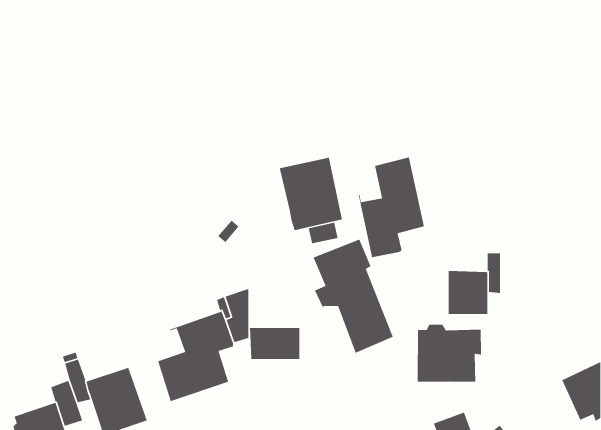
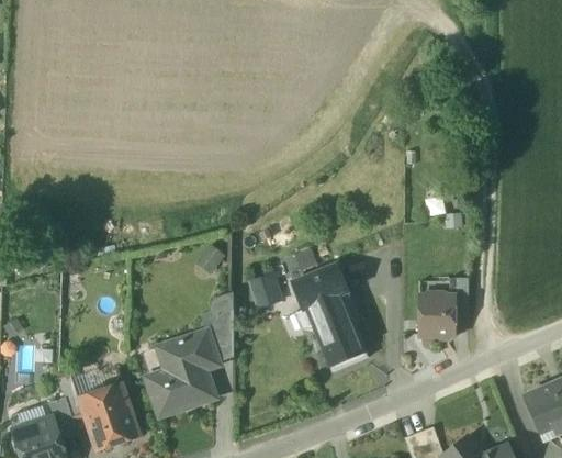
building: [358,157,425,258] -> none
building: [279,157,343,231] -> none
building: none -> [249,269,284,305]
building: [417,324,482,383] -> none
building: [249,327,300,360] -> none

